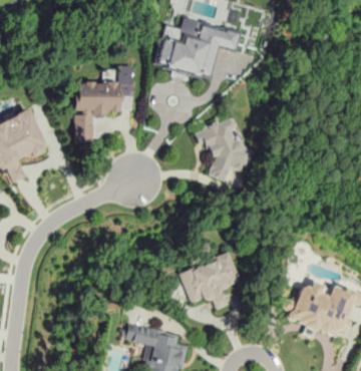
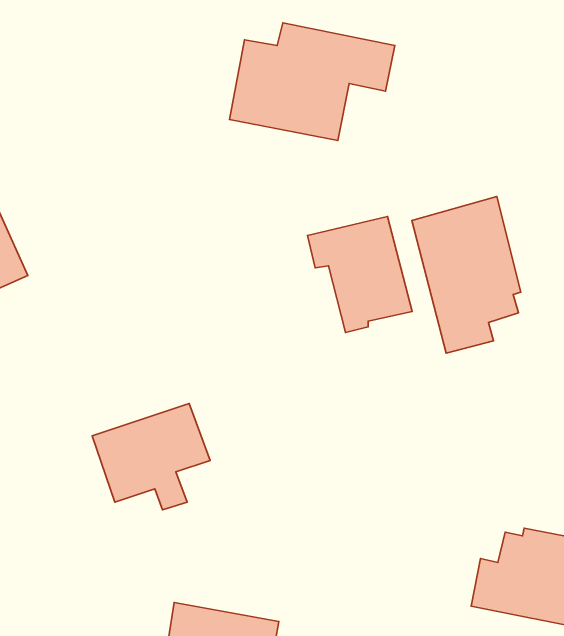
building: [72,65,132,138] -> none
building: none -> [412,196,521,353]
building: [177,253,240,309] -> [92,403,210,510]

